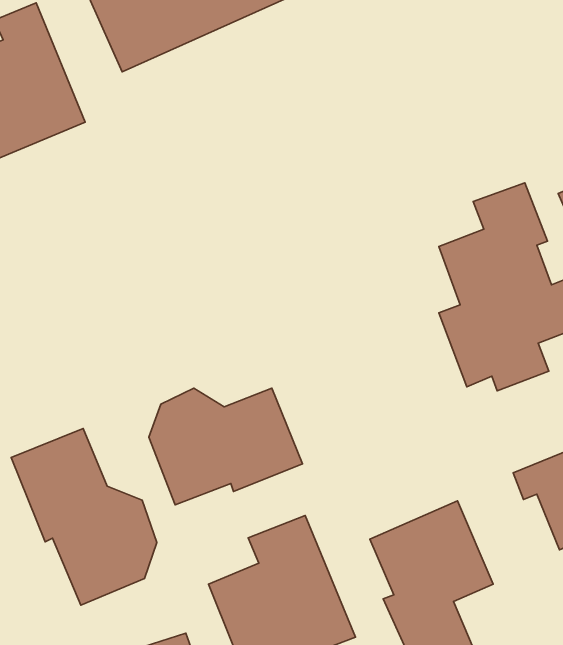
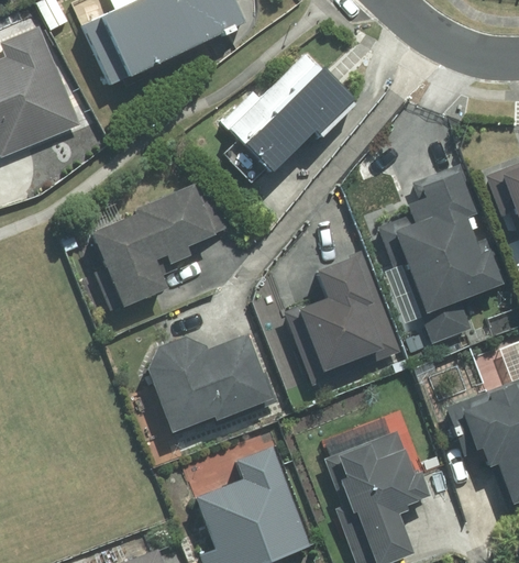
building: none -> [220,53,351,185]
building: none -> [89,187,216,309]
building: none -> [290,258,385,379]
building: [11,428,157,605] -> none

